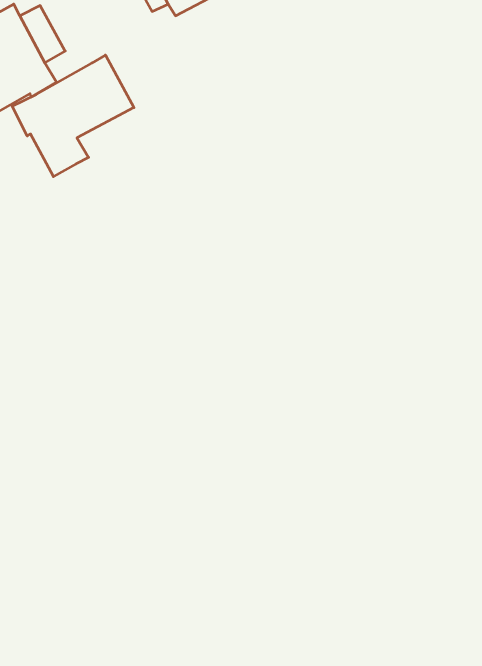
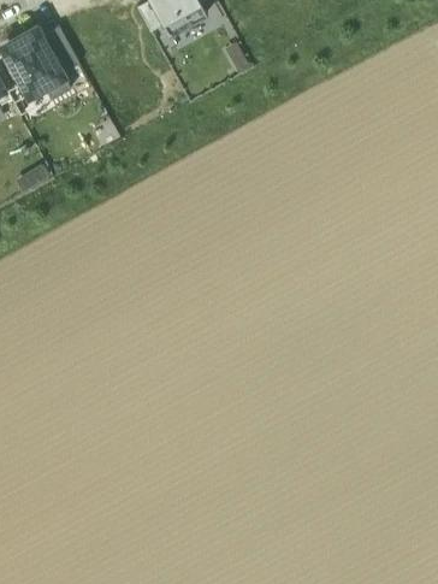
building: [12,55,134,177] -> none

